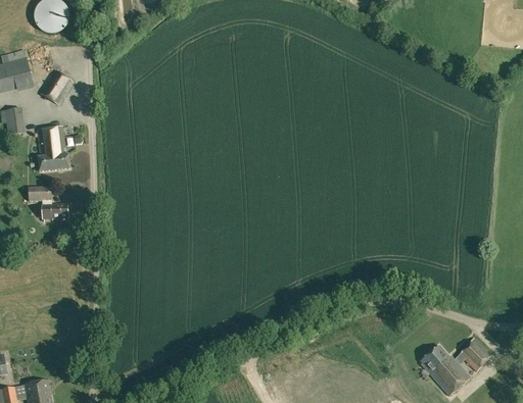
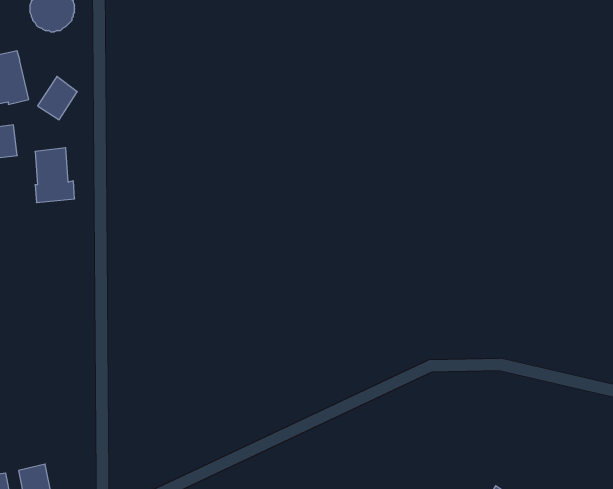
building: [28,186,67,219] -> none
building: [420,338,490,395] -> none

